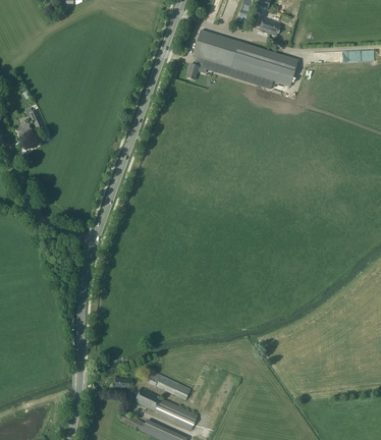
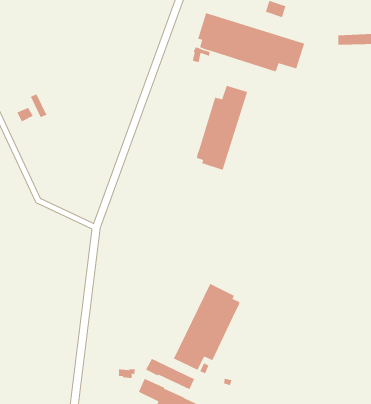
building: none -> [196,85,248,171]
building: none -> [173,283,240,371]

